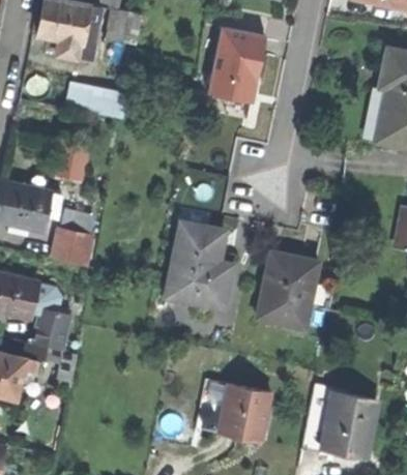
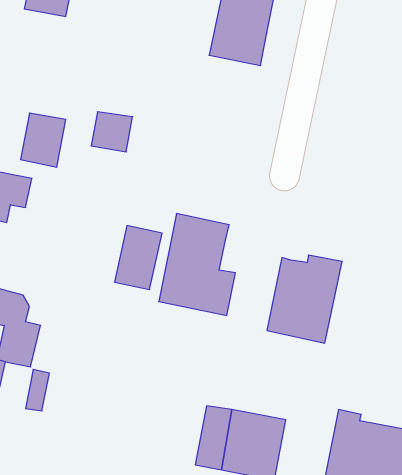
building: [92,83,126,116] -> [91,112,133,152]
building: [53,211,92,264] -> [114,226,162,290]

